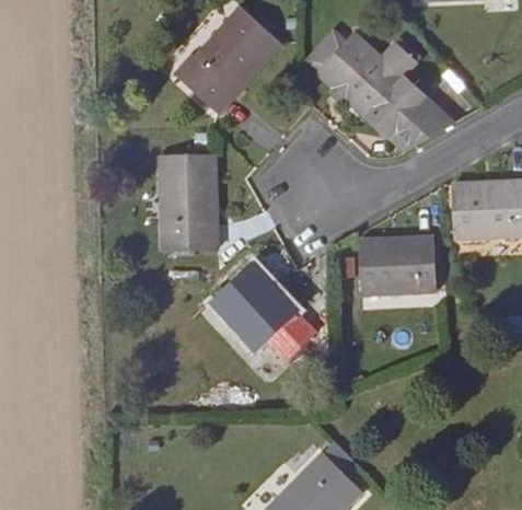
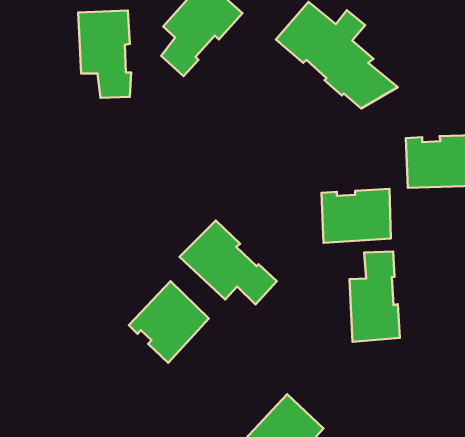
building: [155,159,212,253] -> [78,10,131,98]
building: none -> [349,252,400,342]
building: none -> [129,281,209,363]

